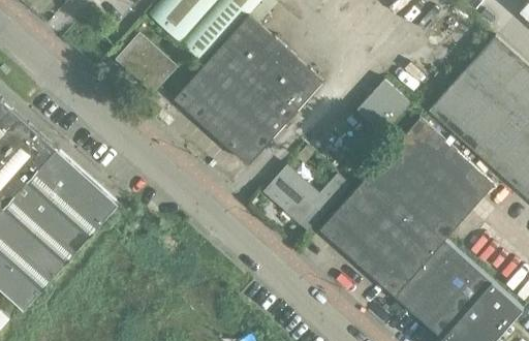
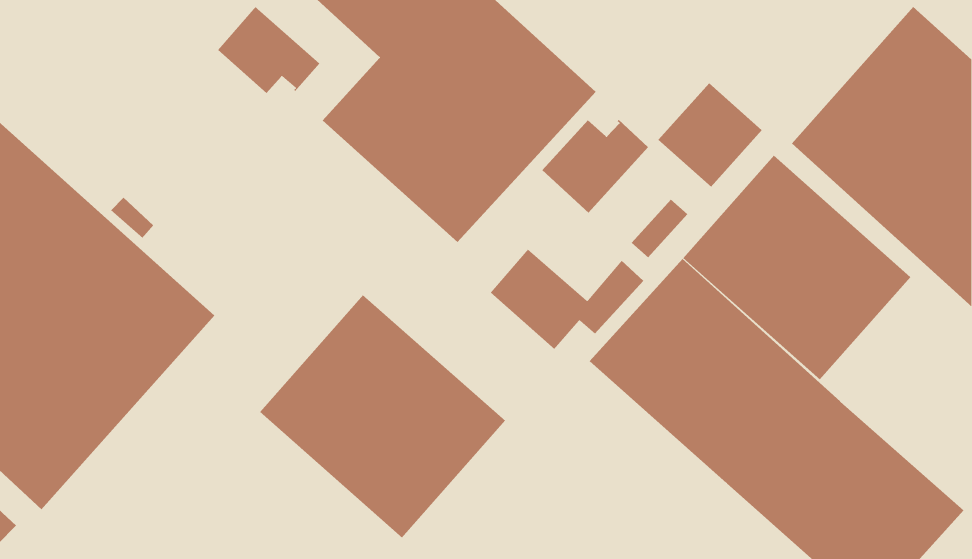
building: none -> [542,119,649,213]
building: none -> [259,294,506,538]

